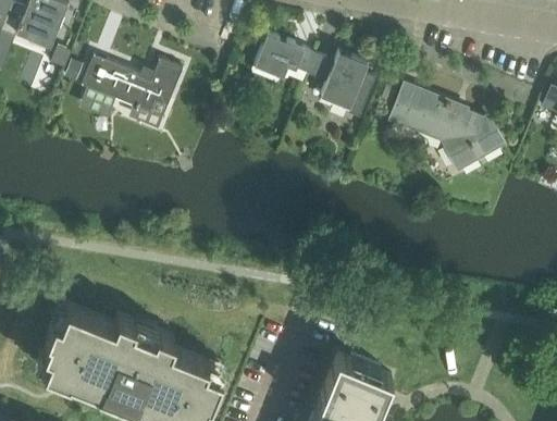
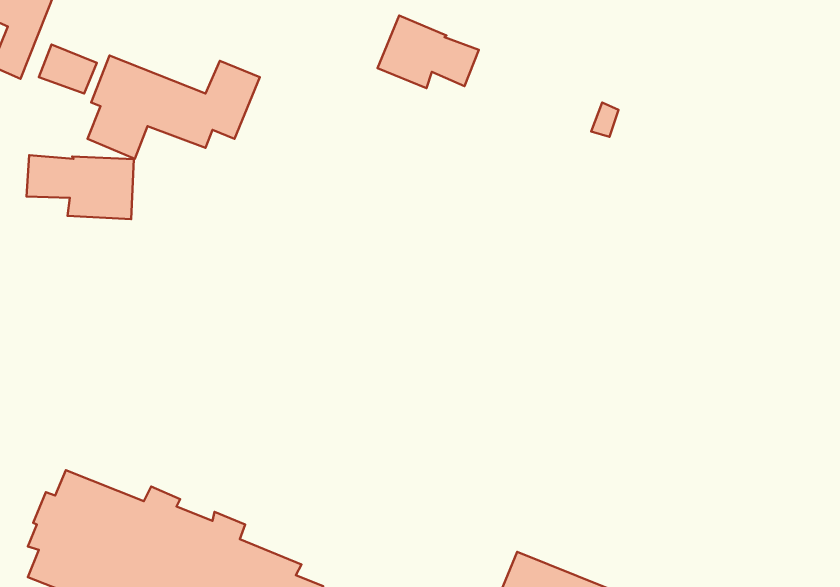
building: [308,54,377,122] -> none
building: [393,90,504,171] -> none
building: none -> [27,155,134,219]

